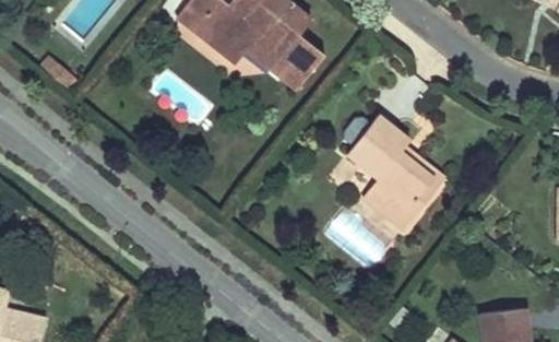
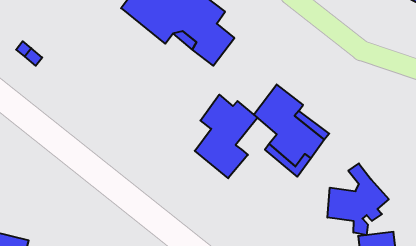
building: none -> [195,95,258,178]
building: none -> [327,163,389,235]

